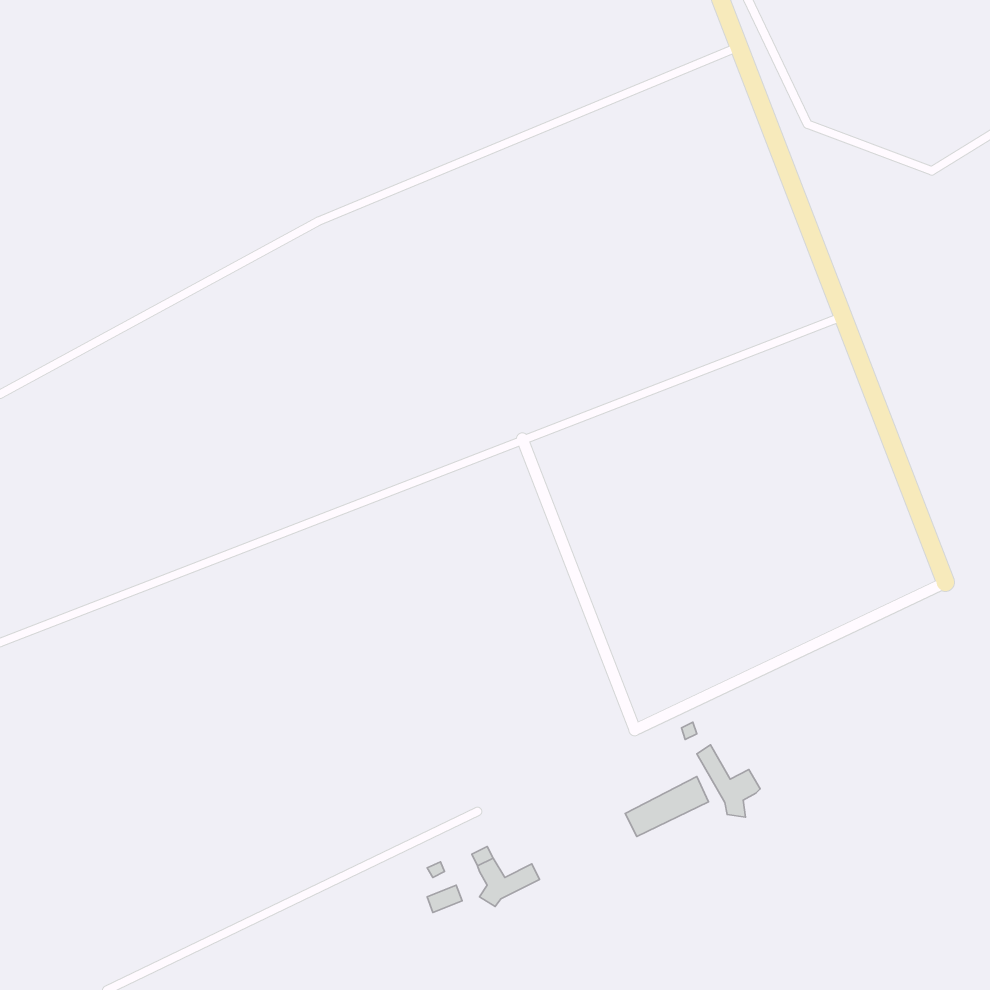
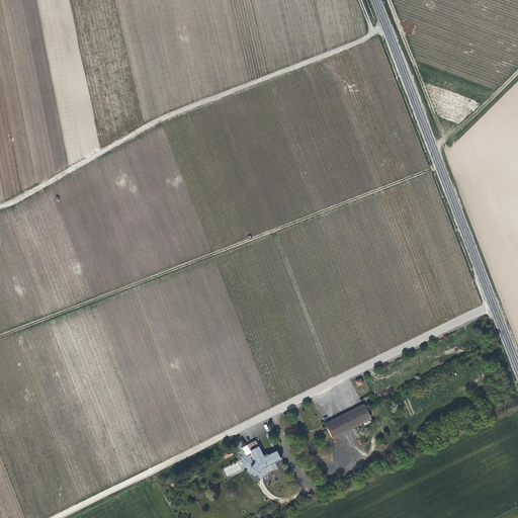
building: [697,745,760,817] -> none

